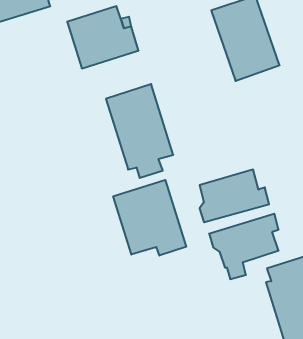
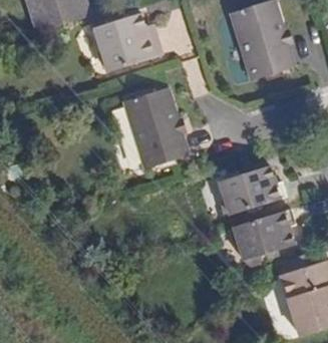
building: [113,180,186,256] -> none

